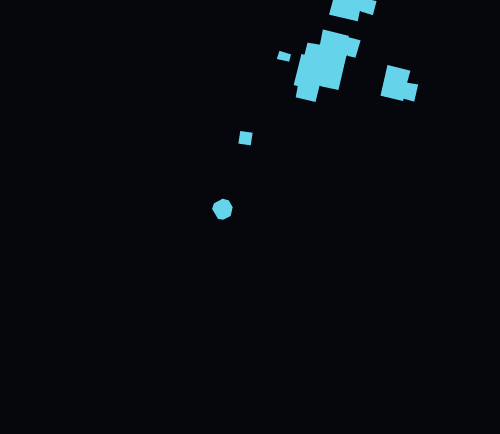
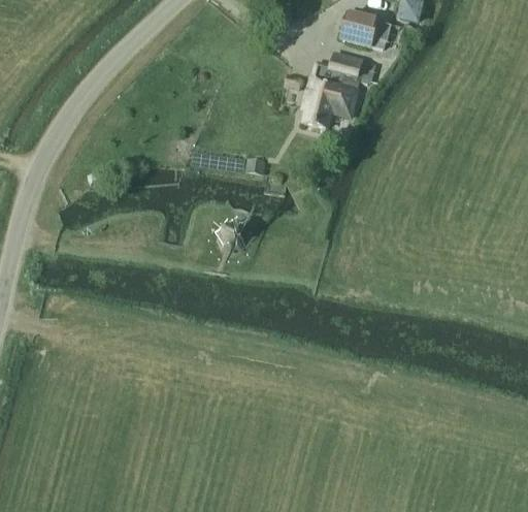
building: [380,64,419,102] -> none

